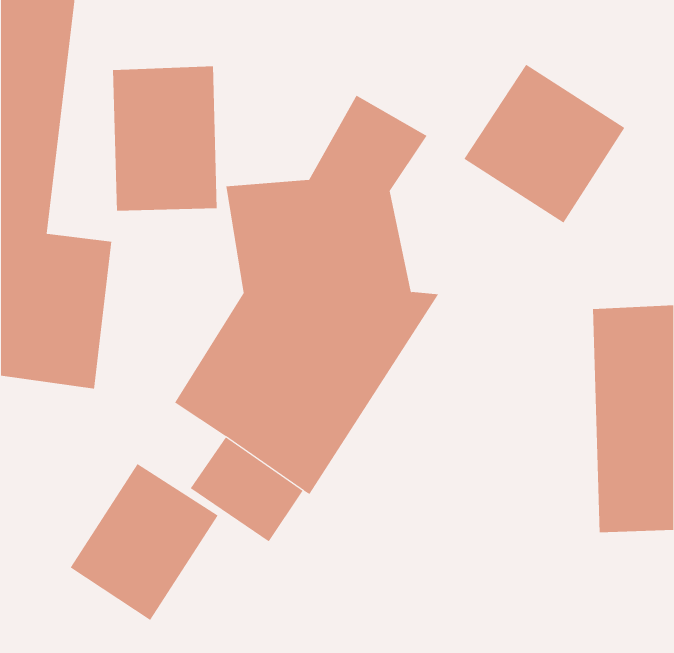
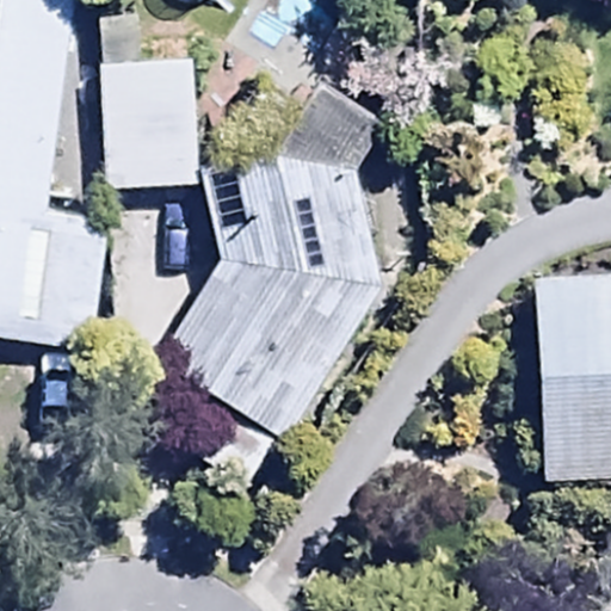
building: [464,64,625,224] -> none
building: [70,463,218,621] -> none

